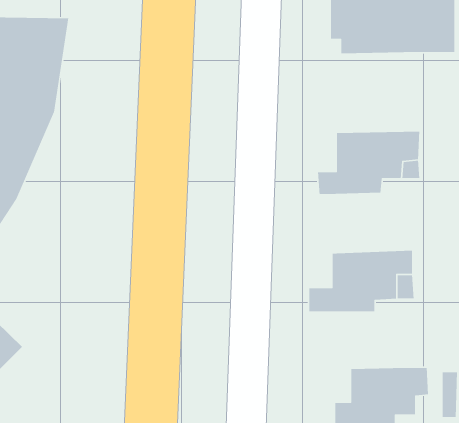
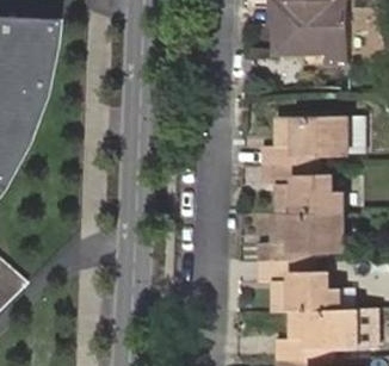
building: none -> [263,166,341,215]
building: none -> [255,263,336,310]

